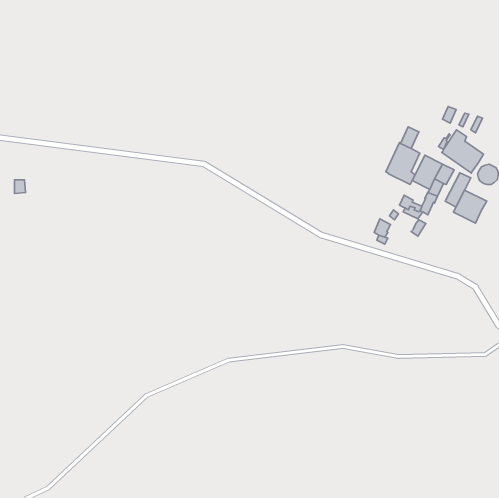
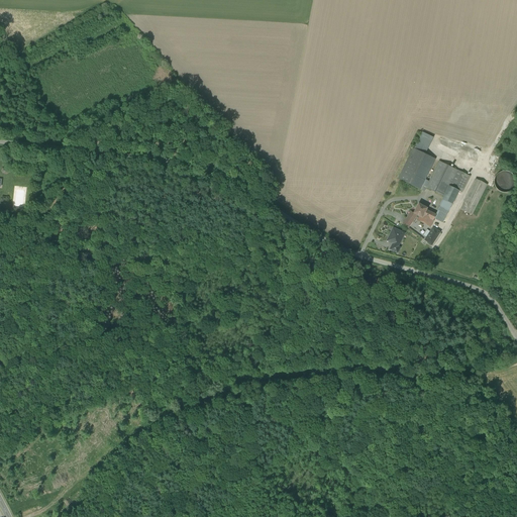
building: [442,130,484,173] -> none
building: [453,190,487,223] -> none

